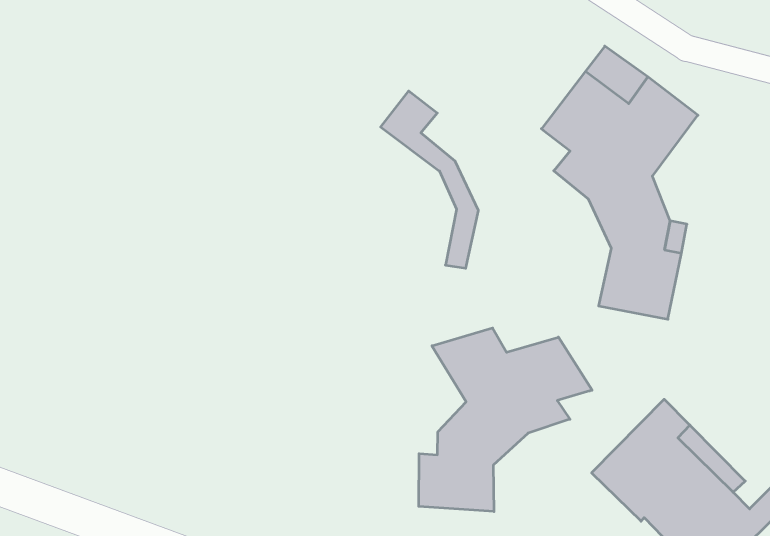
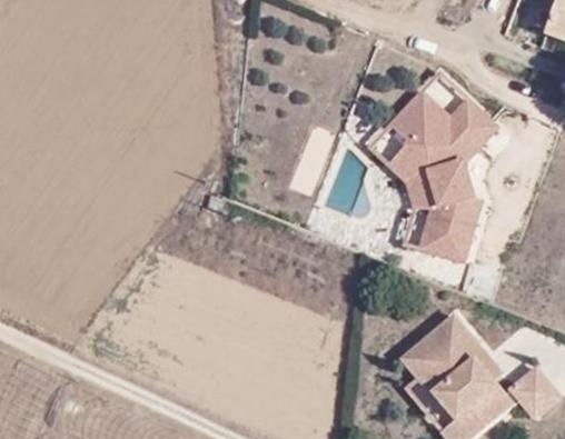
building: [381,91,478,268] -> [368,126,428,248]
building: [419,328,592,512] -> none

